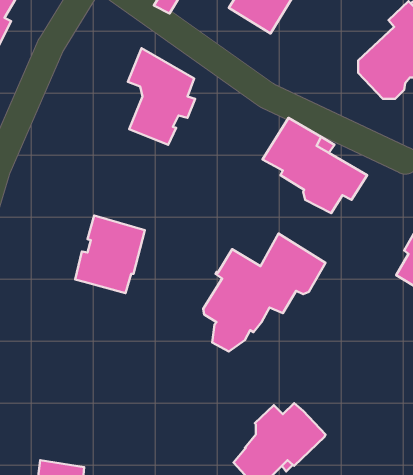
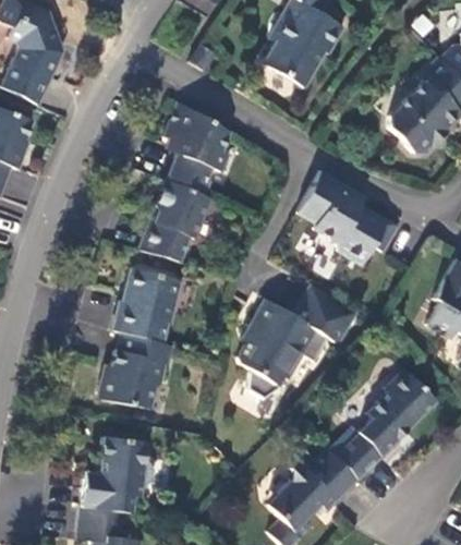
building: none -> [143,181,210,258]
building: none -> [98,329,174,405]
building: none -> [335,366,435,477]
building: none -> [80,434,154,509]

